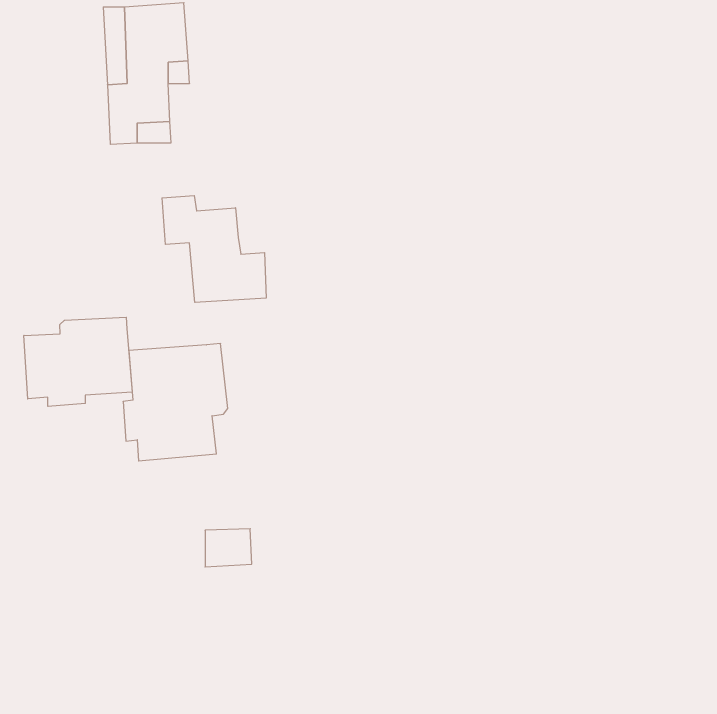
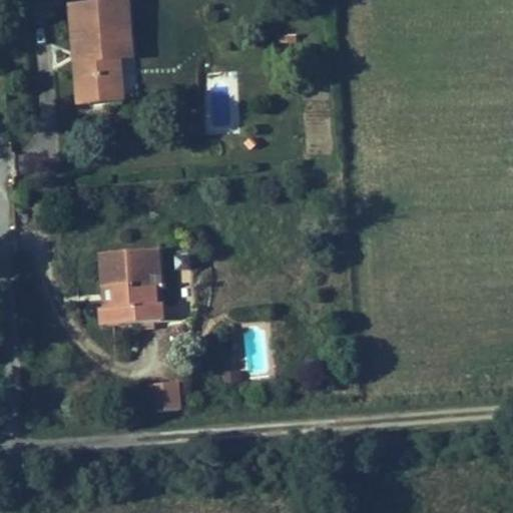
building: [162,196,266,302] -> none
building: [24,317,132,406] -> none

